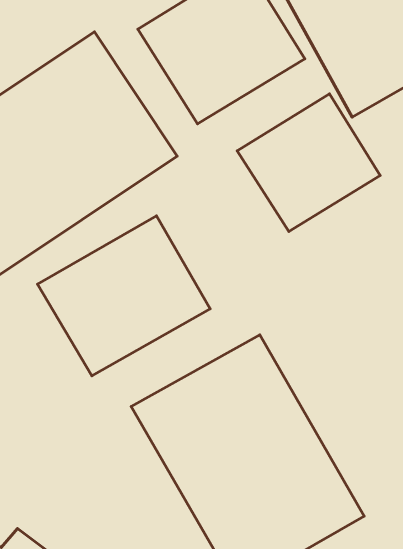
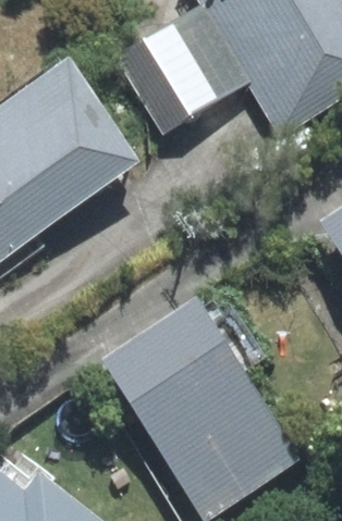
building: [237,94,380,231] -> none
building: [38,216,210,376] -> none

